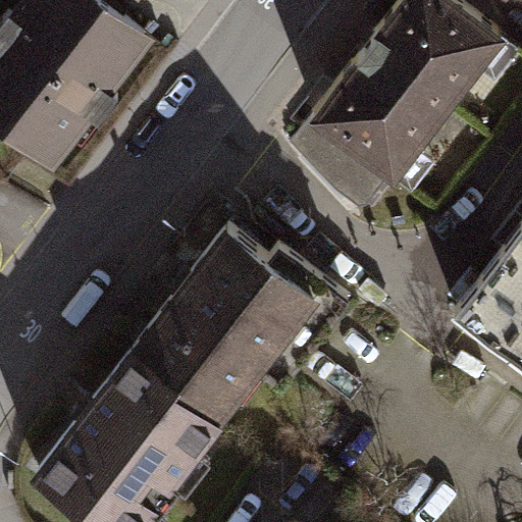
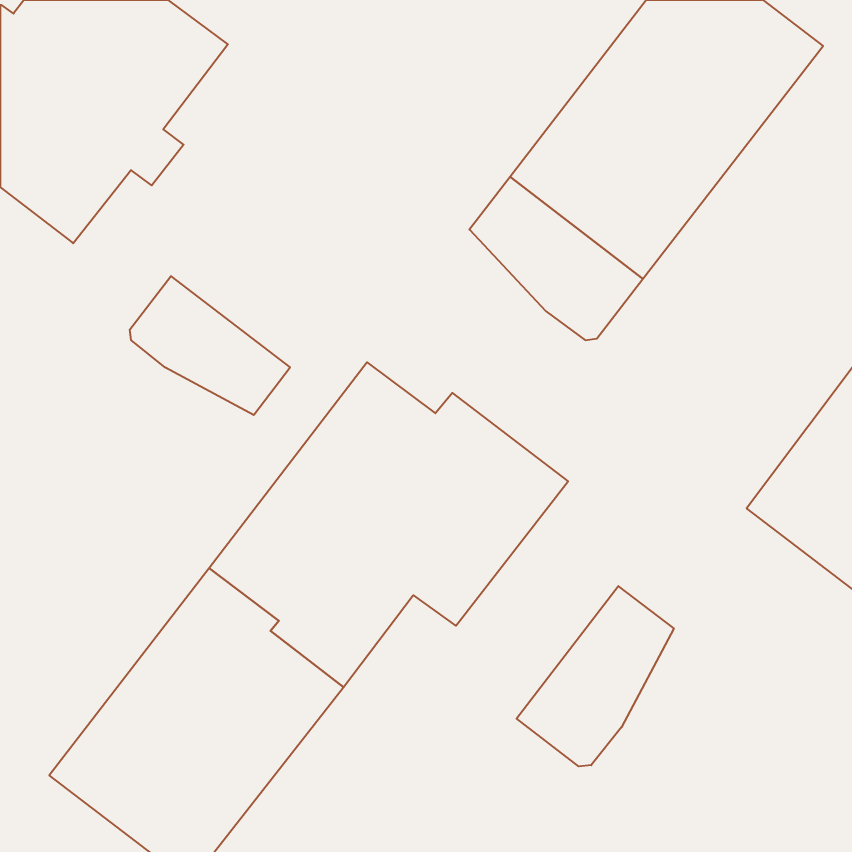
building: none -> [130,276,290,415]
building: none -> [517,586,674,766]

